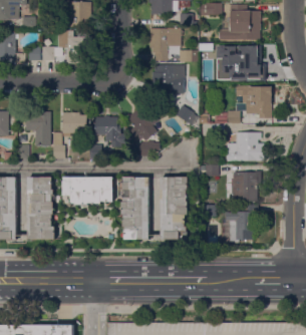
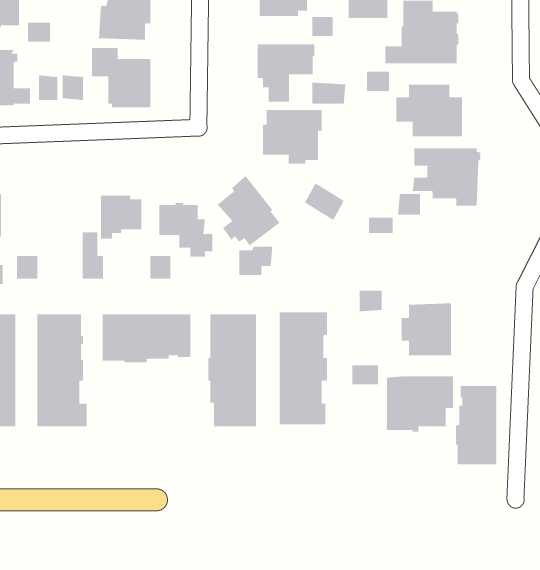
building: [25,112,50,145] -> none
building: [226,132,263,160] -> none
building: none -> [456,385,497,465]

